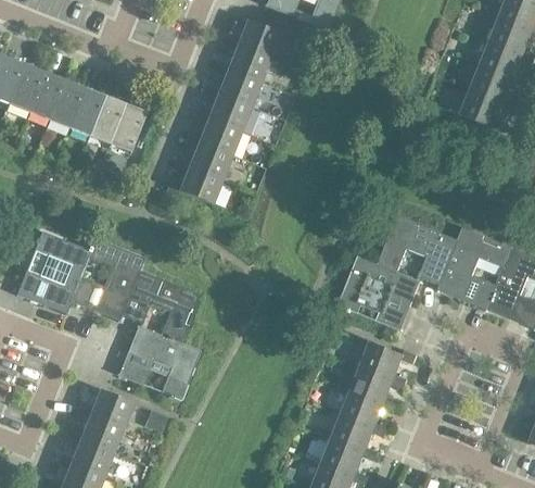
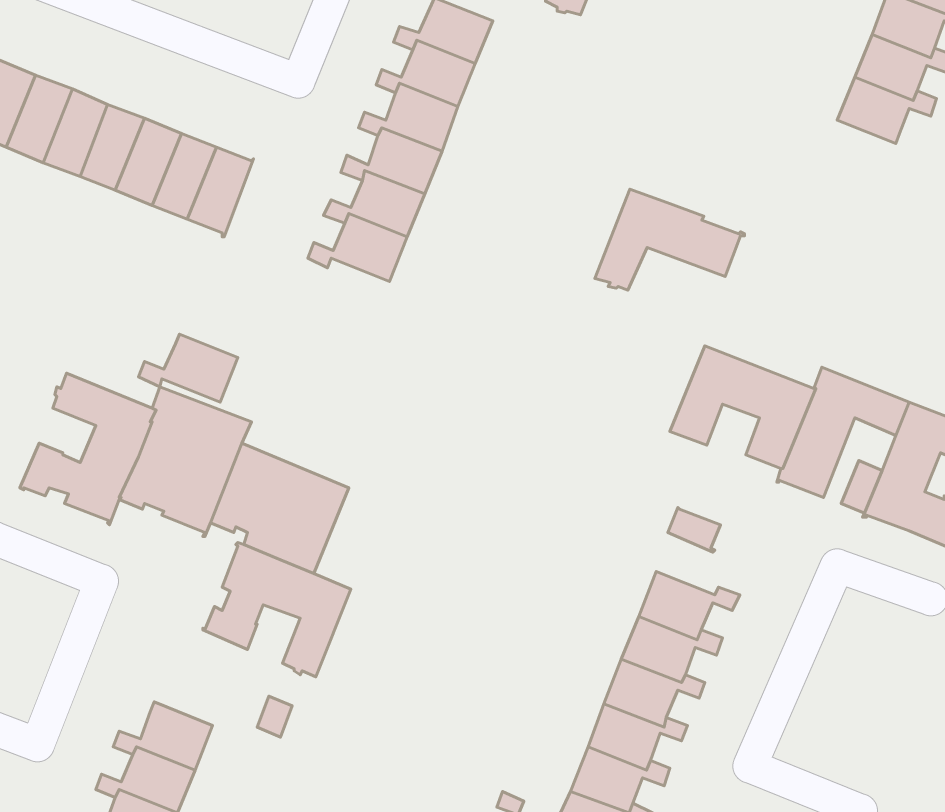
building: [461,88,517,126] -> none
building: [166,165,221,203] -> [139,334,238,402]
building: [337,254,421,311] -> [595,189,745,290]
building: [77,388,132,426] -> none

